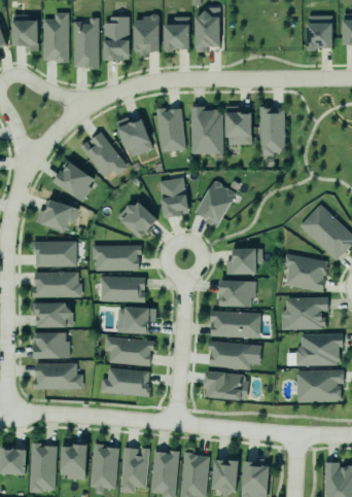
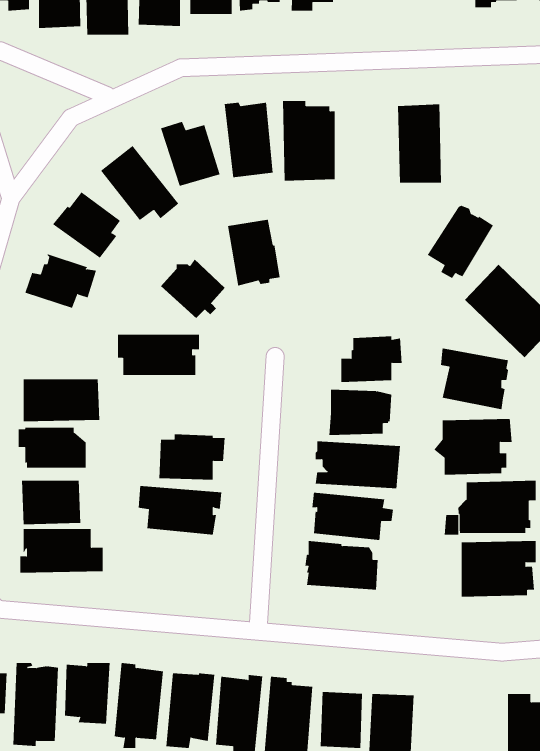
building: [226,107,253,146] -> none
building: [196,181,236,225] -> [427,205,494,279]
building: [32,241,76,267] -> none
building: [99,276,145,303] -> none
building: [101,369,150,397] -> none

